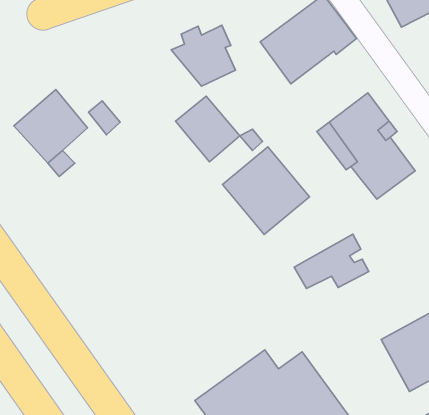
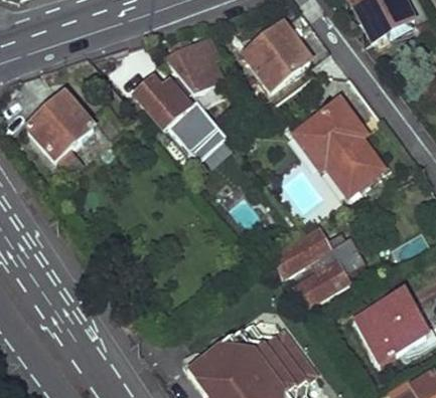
building: none -> [136,80,188,128]
building: [223,147,309,235] -> none
building: none -> [299,249,361,302]

